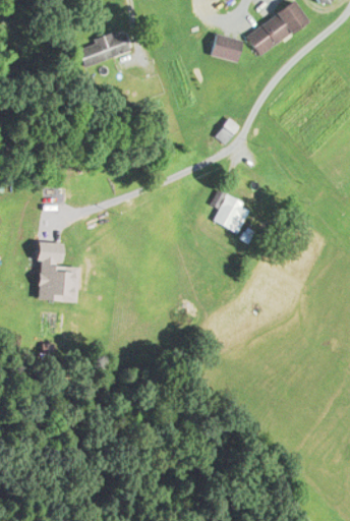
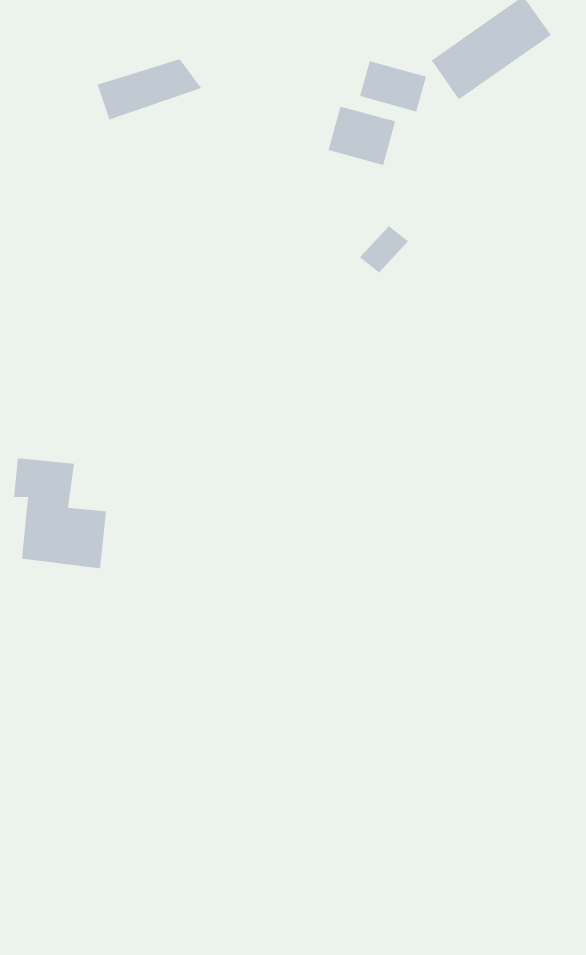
building: none -> [328,106,396,166]
building: [210,190,243,229] -> none

